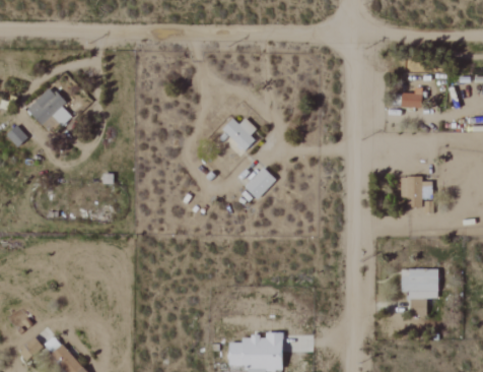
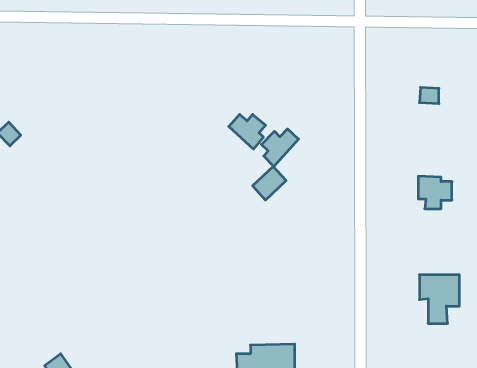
building: [25,86,69,133] -> none
building: none -> [261,129,299,166]

